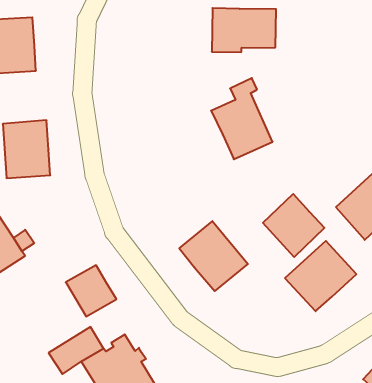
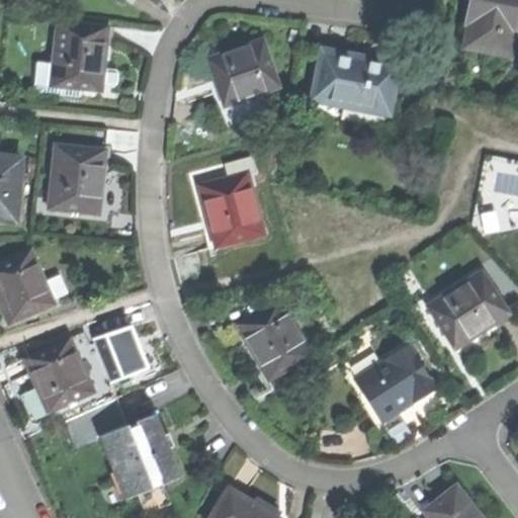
building: none -> [207,38,280,107]
building: [211,78,273,159] -> [198,156,264,247]
building: [263,194,324,257] -> none
building: none -> [24,338,95,413]

